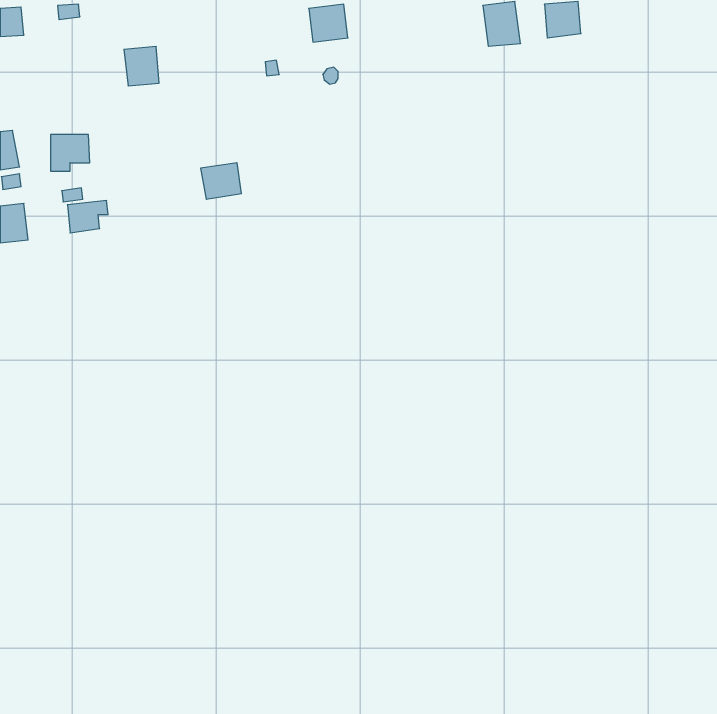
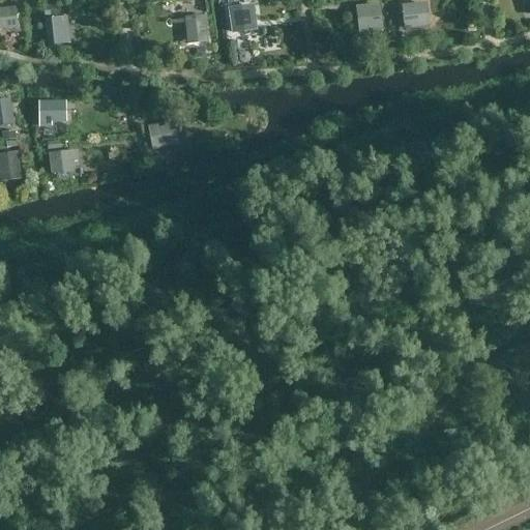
building: none -> [185,12,207,43]
building: [124,47,159,86] -> [43,14,69,43]

